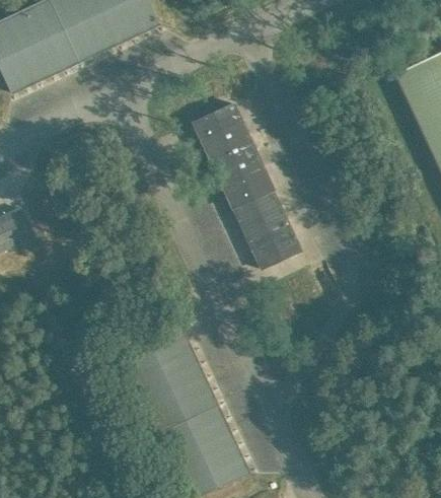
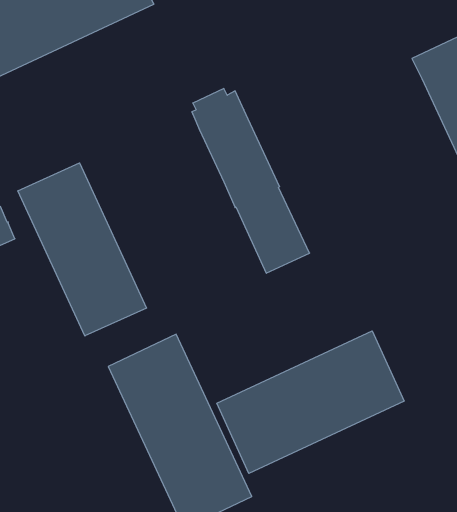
building: none -> [18,163,146,336]
building: none -> [217,331,404,473]

